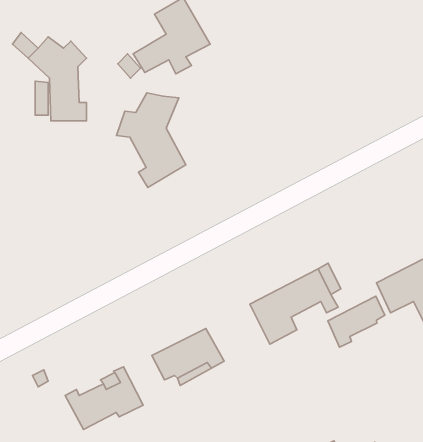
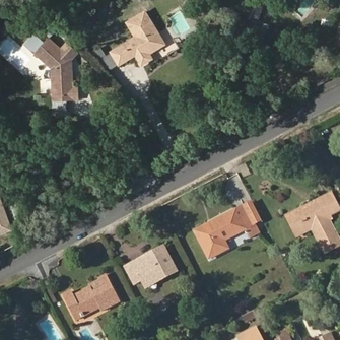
building: [116,93,186,188] -> none
building: [328,296,385,347] -> none

